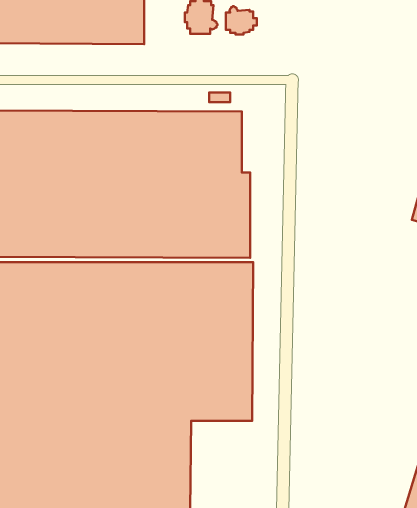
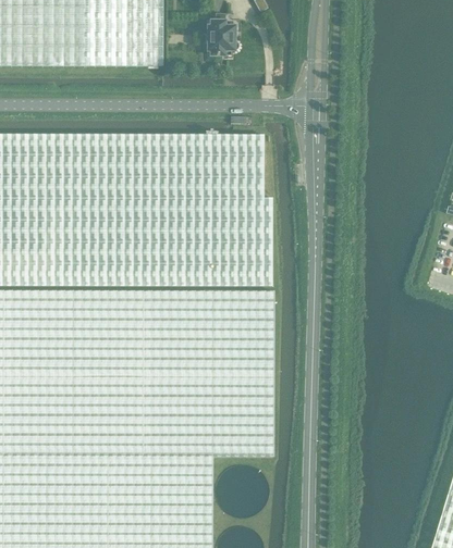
building: [226,6,257,35] -> none

